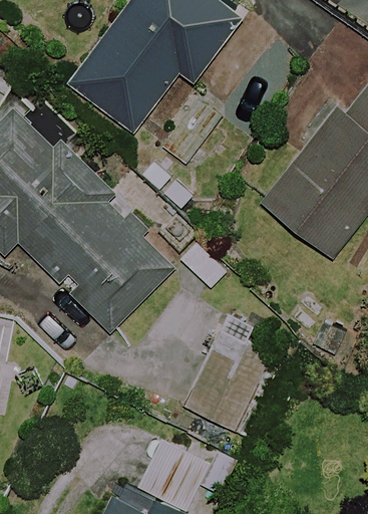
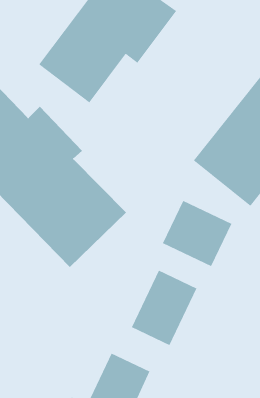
building: none -> [162,200,232,267]

